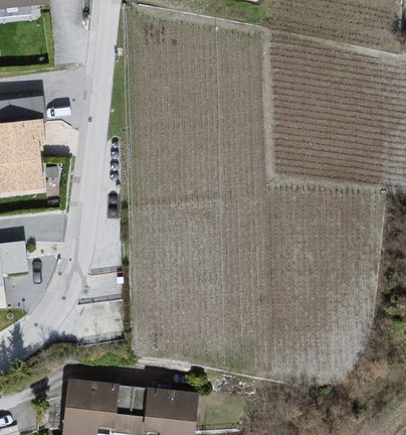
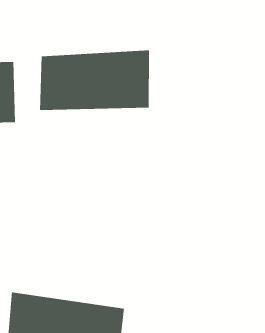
building: none -> [39,50,150,111]

